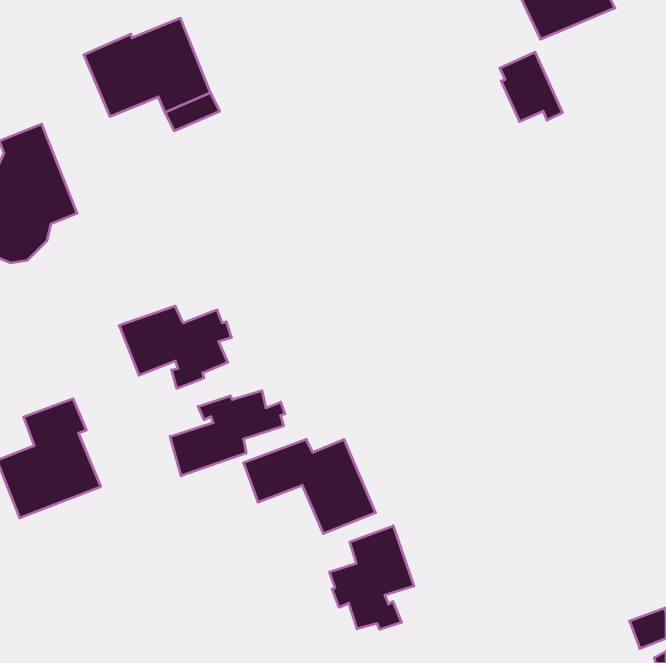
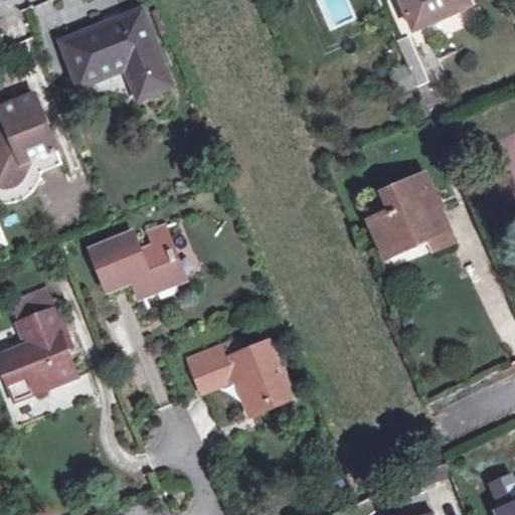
building: none -> [370,172,449,247]
building: [170,391,285,476] -> none
building: [330,526,414,629] -> none

